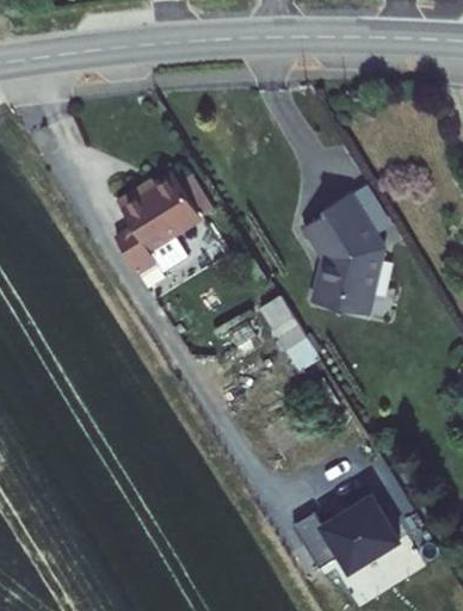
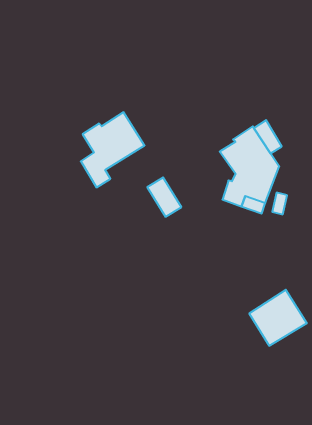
building: [264,300,310,353] -> [147,177,181,217]
building: [315,496,394,573] -> [249,290,307,346]

